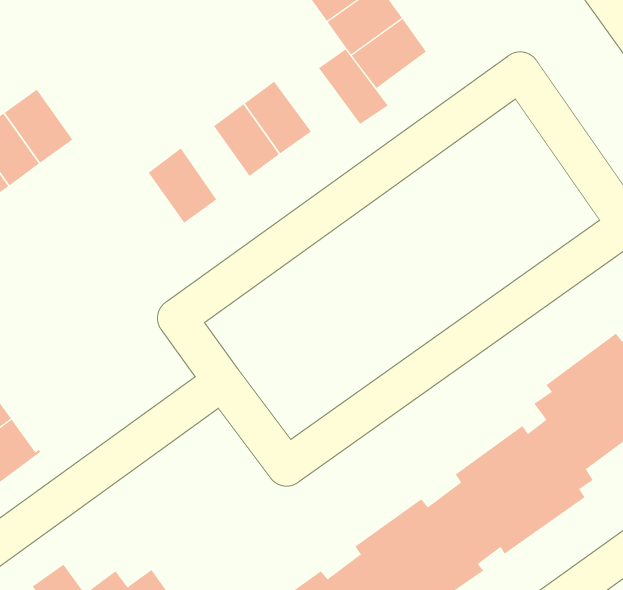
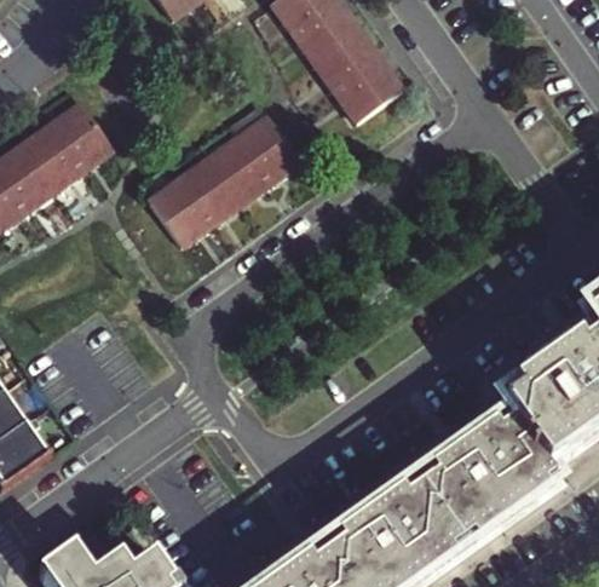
building: [318,48,389,125] -> none
building: none -> [48,102,110,168]
building: none -> [179,156,241,223]

